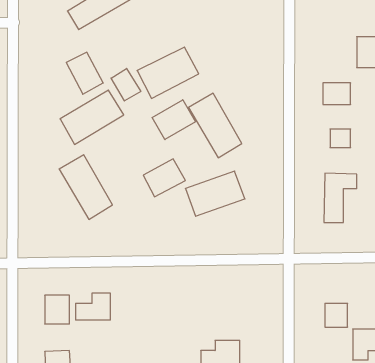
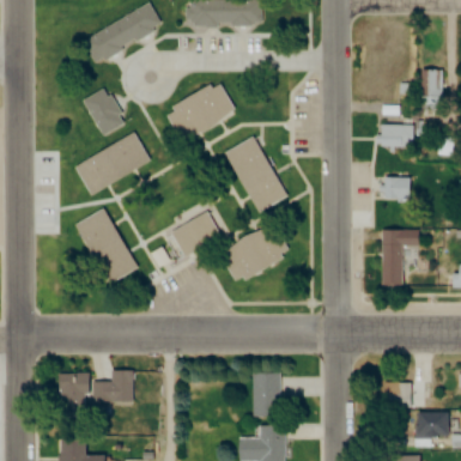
building: [111,68,141,101] -> none
building: [152,100,196,140] -> none
building: none -> [254,372,281,415]

